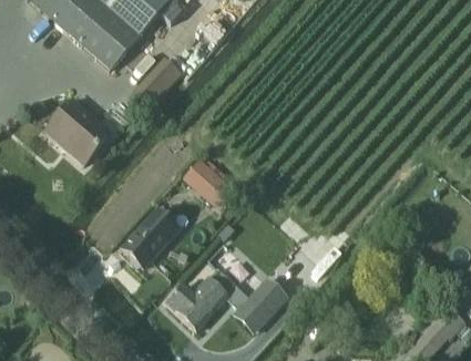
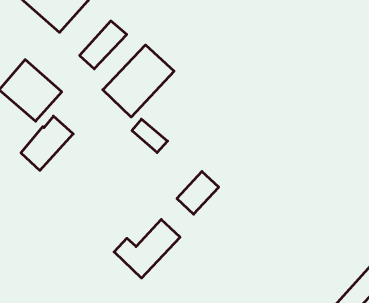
building: none -> [103,45,174,117]
building: [123,208,178,266] -> [21,116,73,170]
building: [240,279,285,324] -> [177,171,219,214]

